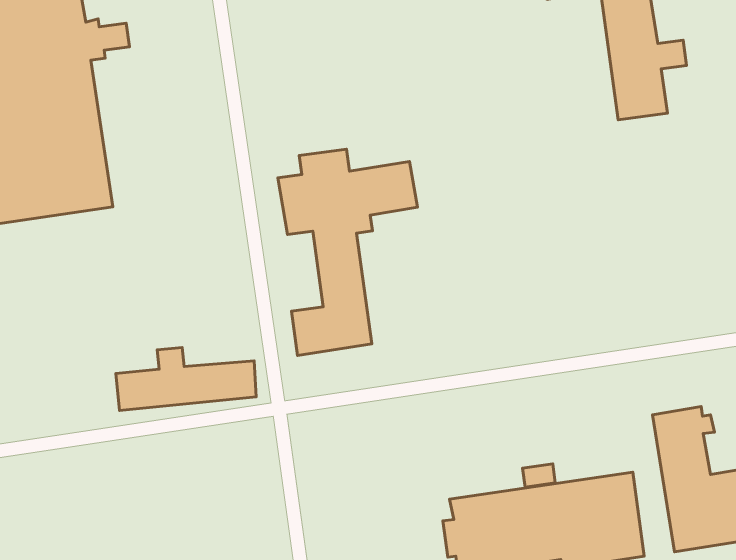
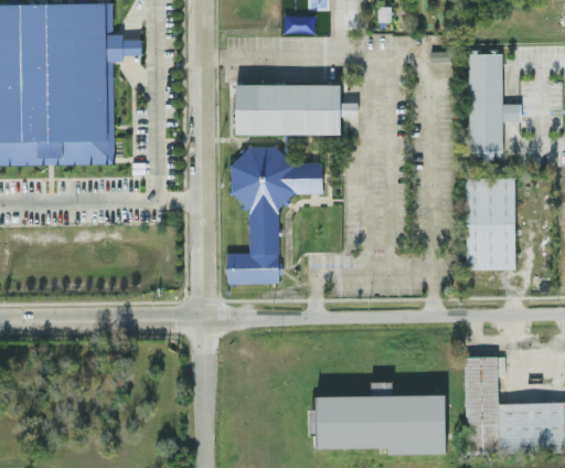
building: none -> [235,85,358,135]
building: none -> [465,178,515,270]
building: [116,347,256,411] -> none

